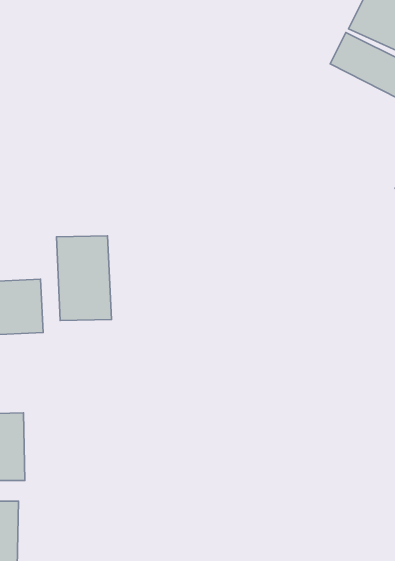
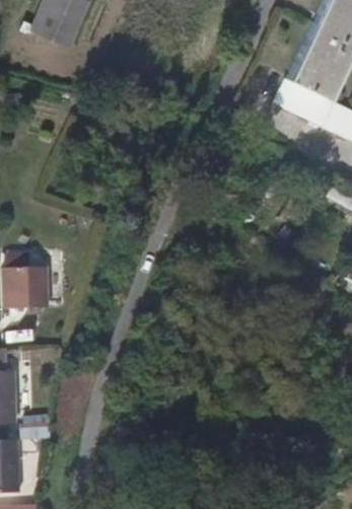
building: [56,236,111,320] -> none

